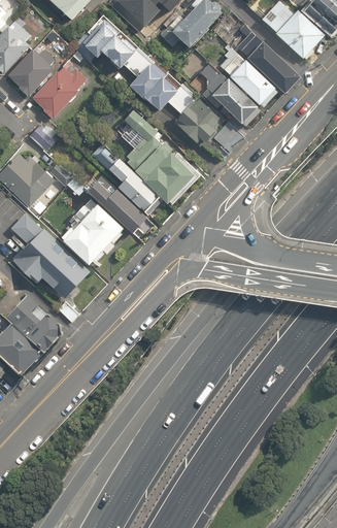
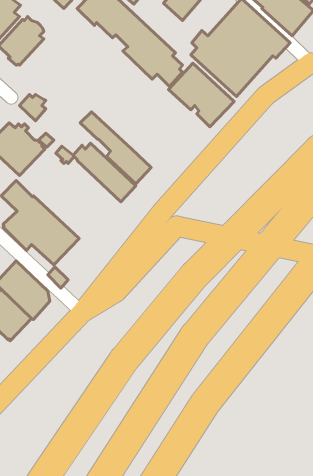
building: [31,61,87,118] -> none
building: [121,108,200,206] -> none
building: [61,198,124,266] -> none

